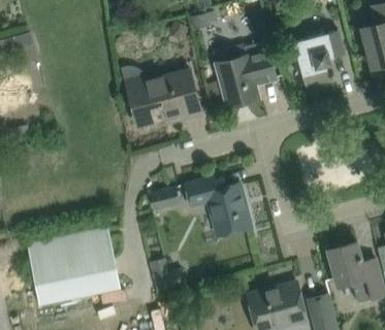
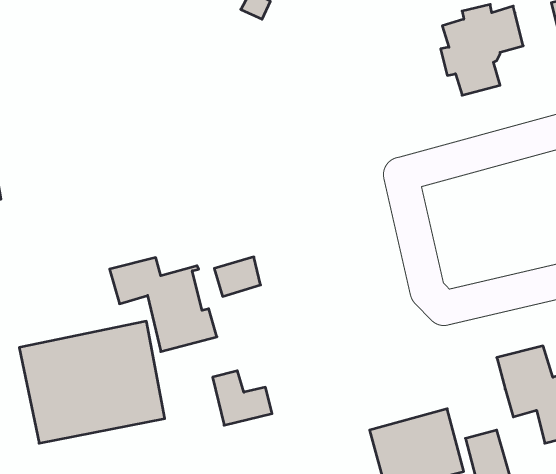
building: [213,41,276,106] -> none
building: [122,65,201,126] -> none
building: [185,177,252,236] -> [110,258,217,352]

